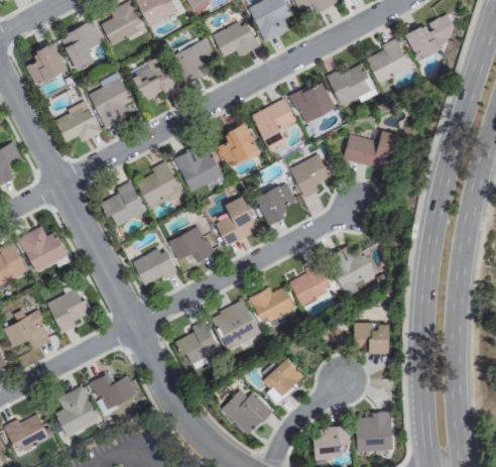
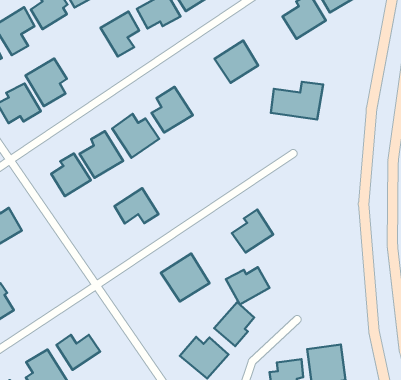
building: [133,53,180,101] -> none
building: [329,62,376,105] -> none
building: [253,99,295,148] -> none
building: [290,153,335,198] -> none
building: [255,182,295,224] -> none
building: [215,195,260,246] -> none
building: [132,245,178,284] -> none
building: [328,251,376,295] -> none
building: [250,286,295,324] -> [226,267,270,304]
building: [47,288,93,333] -> none
building: [175,321,220,369] -> none
building: [354,322,389,352] -> none

